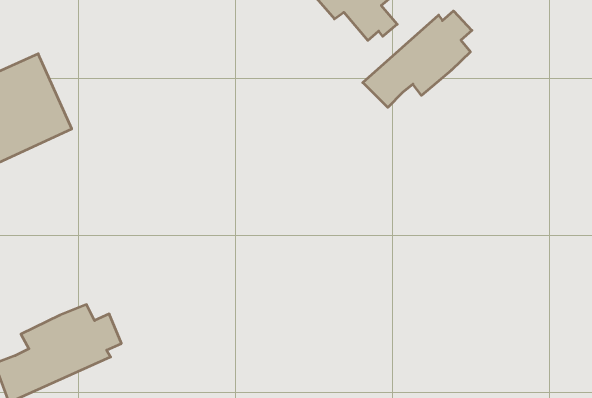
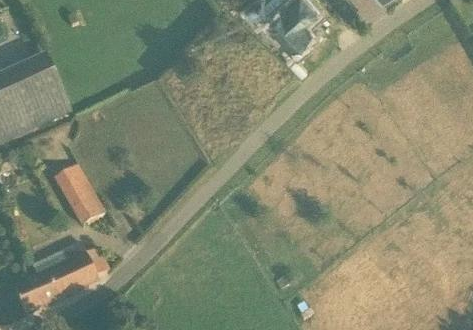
building: [363,11,472,107] -> none
building: none -> [54,164,103,224]

